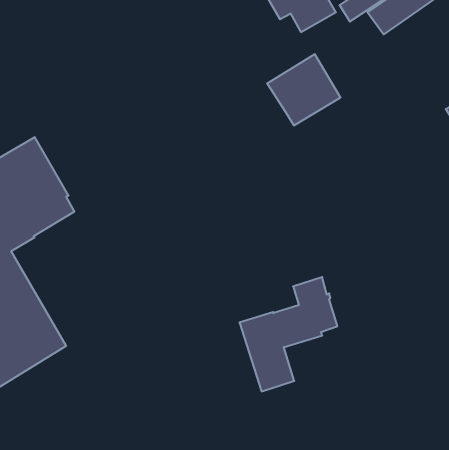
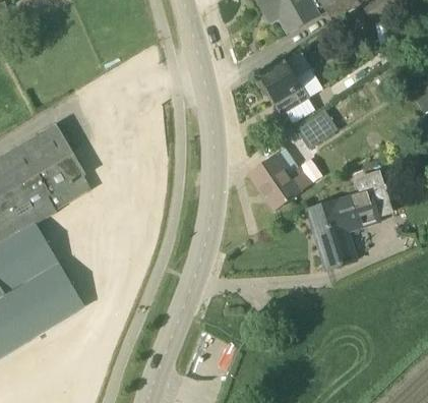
building: none -> [296,110,338,149]
building: none -> [250,155,311,210]
building: [239,277,337,391] -> [308,169,393,269]

